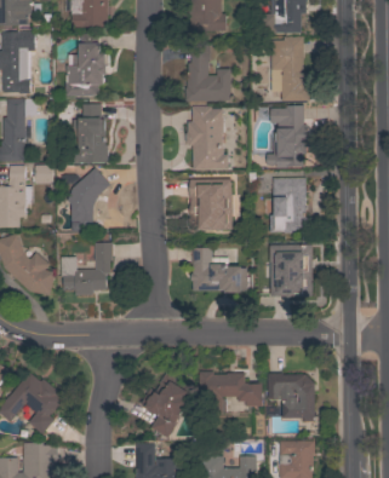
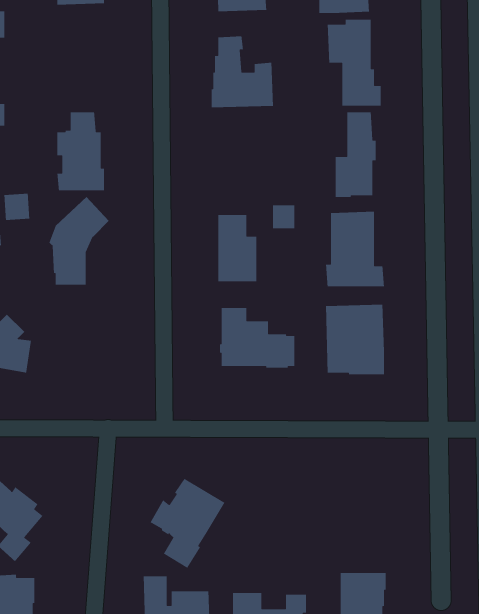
building: [65,33,109,96] -> none
building: [185,105,229,169] -> none
building: [61,242,113,294] -> none
building: [199,370,262,413] -> none
building: [267,373,315,421] -> none

